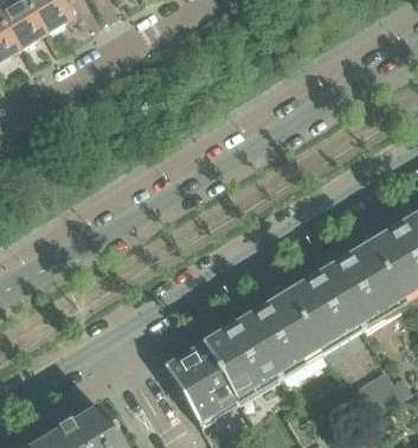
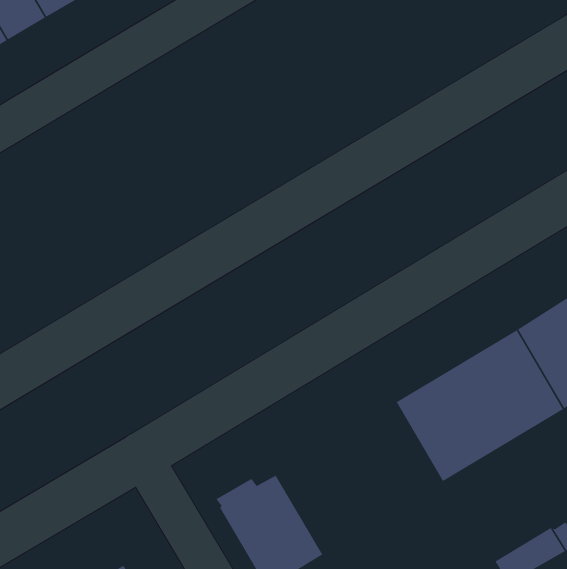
building: [205,295,319,399] -> none

